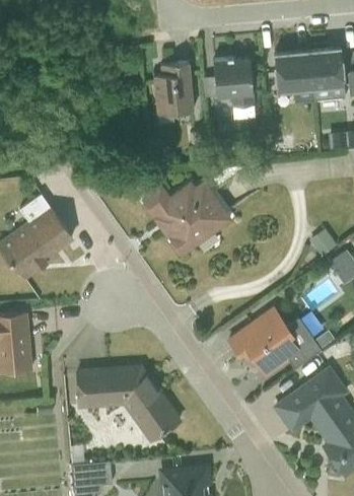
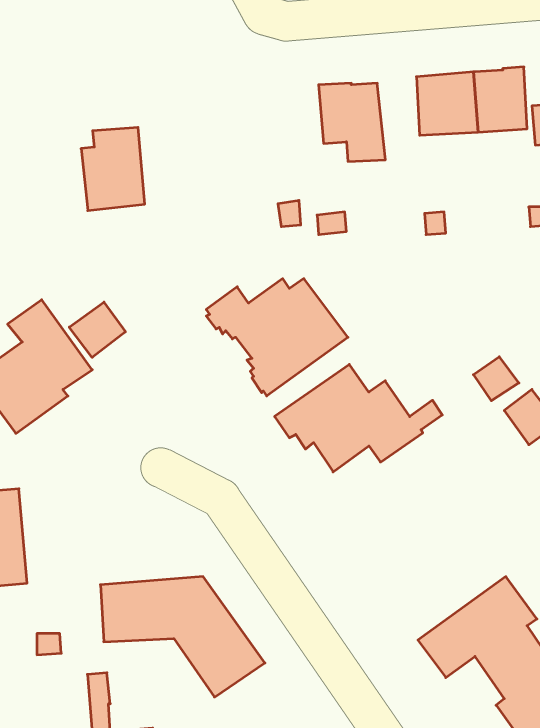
building: [153,64,193,116] -> [81,127,145,211]
building: none -> [69,302,125,357]
building: [228,308,333,375] -> [275,364,442,472]

